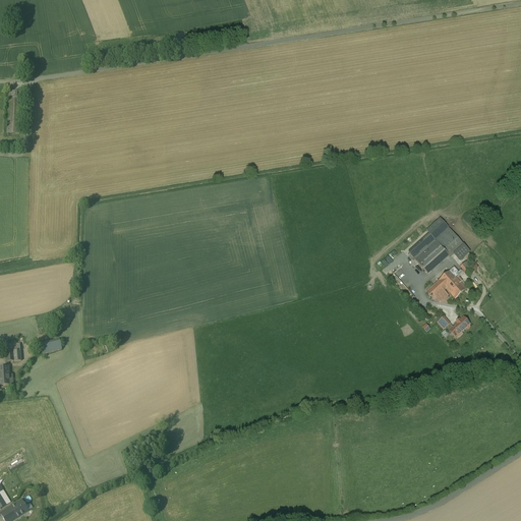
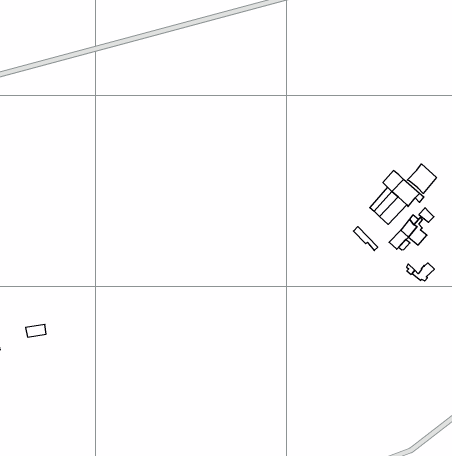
building: none -> [407,164,436,193]

